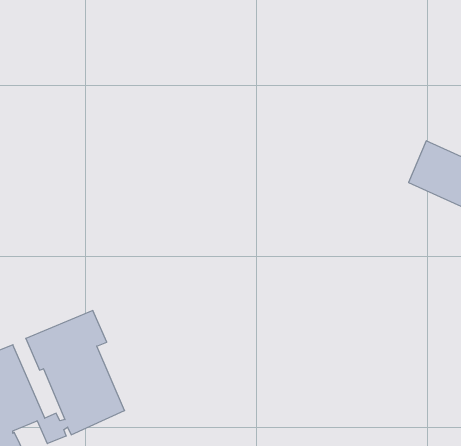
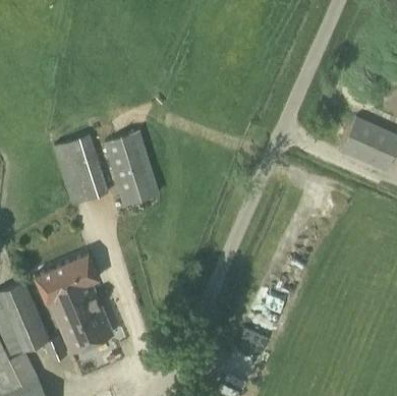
building: none -> [104,132,159,206]
building: none -> [54,135,108,206]

